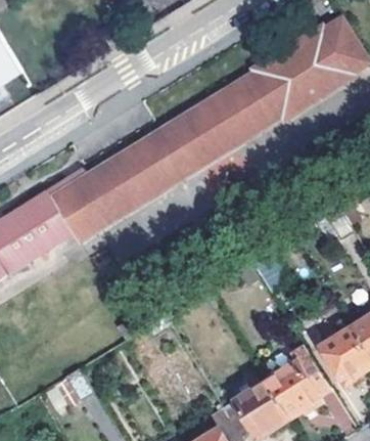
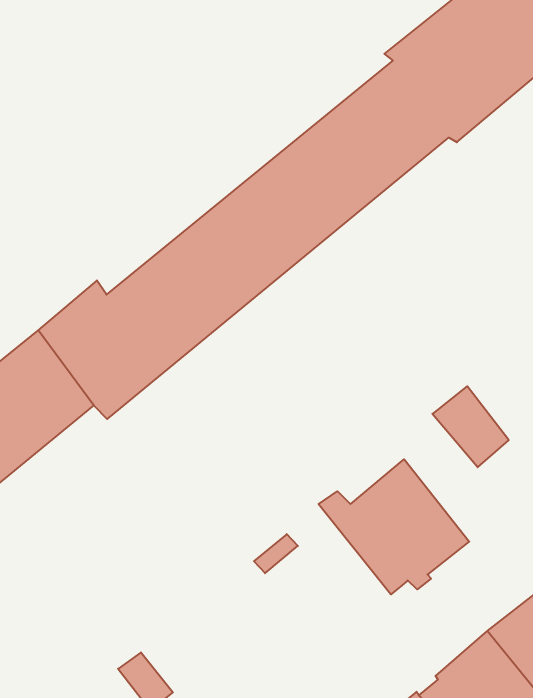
building: none -> [319,459,469,594]

